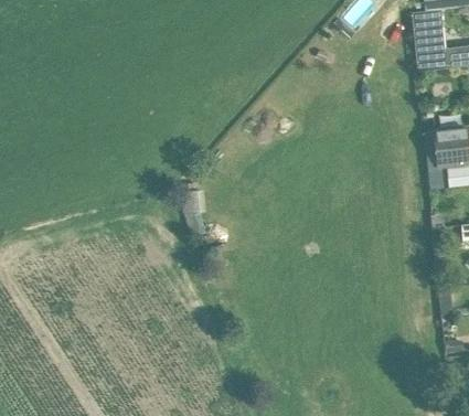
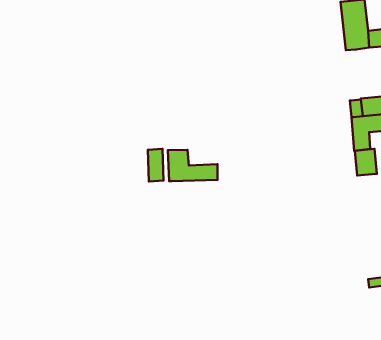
building: none -> [355,149,377,176]
building: none -> [168,150,218,181]

